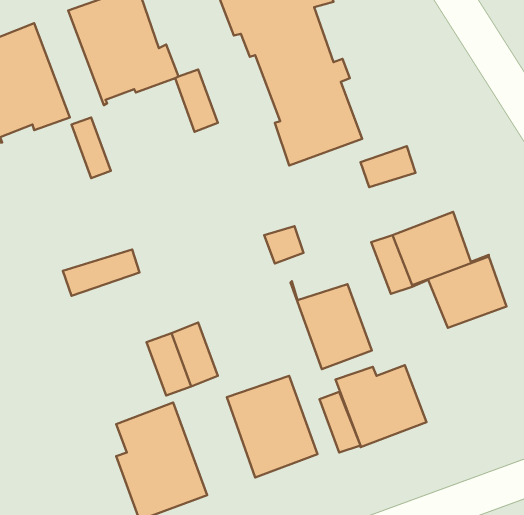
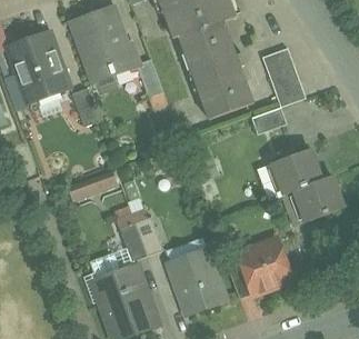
building: none -> [262,48,303,104]
building: [291,281,372,369] -> none

